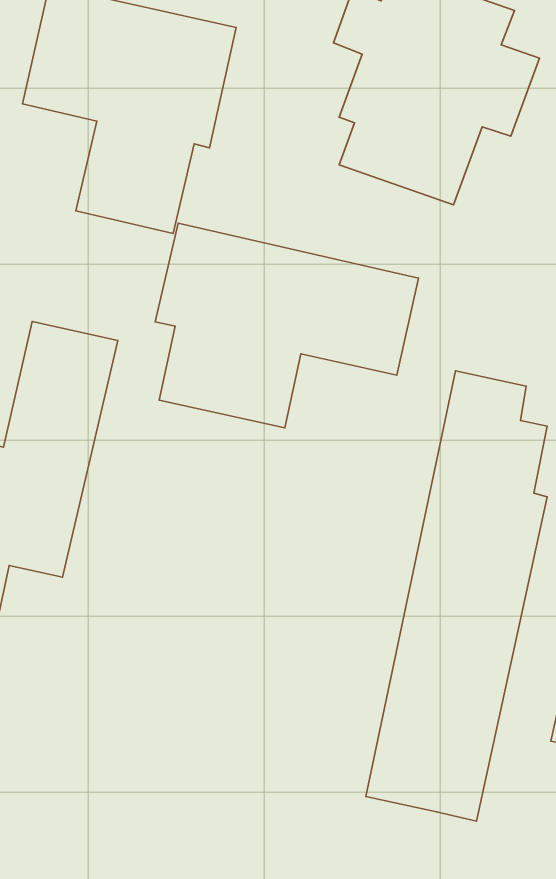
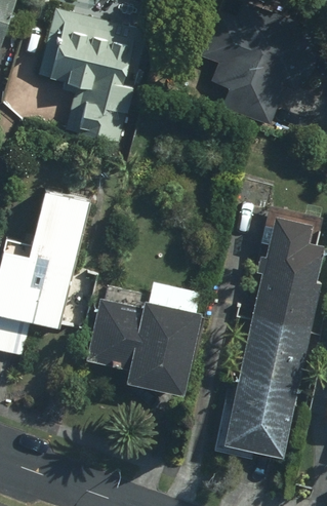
building: [155,223,419,428] -> none
building: none -> [87,300,200,396]

